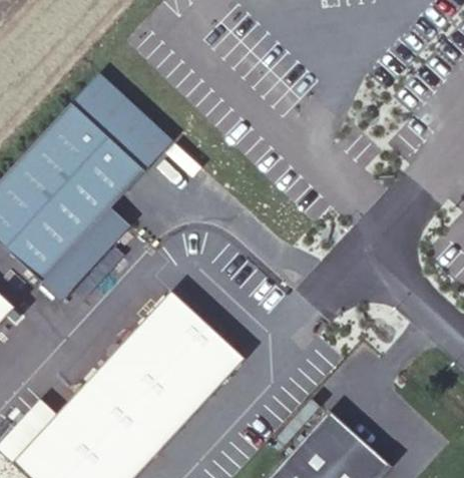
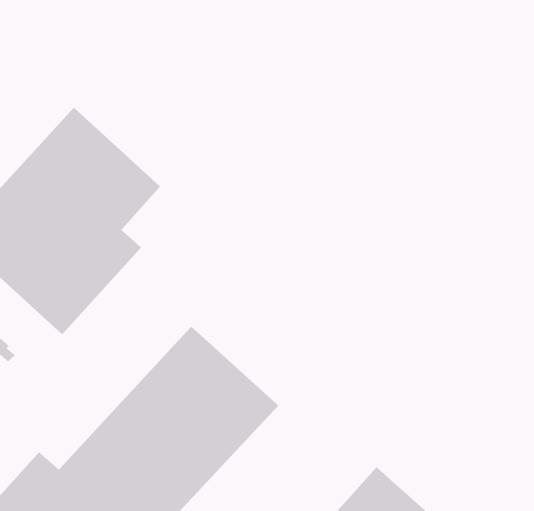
building: [70,73,172,171] -> none

